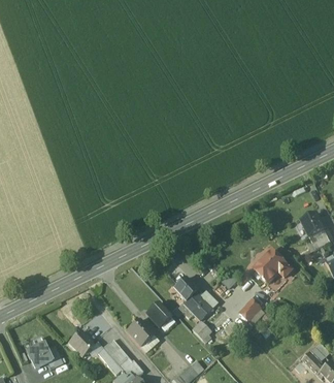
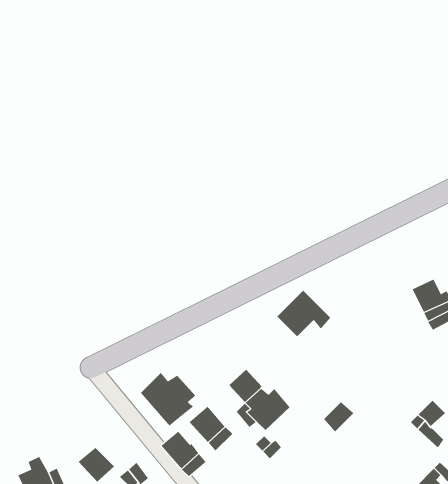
building: [254,250,292,283] -> [277,290,331,337]
building: none -> [140,372,196,426]

